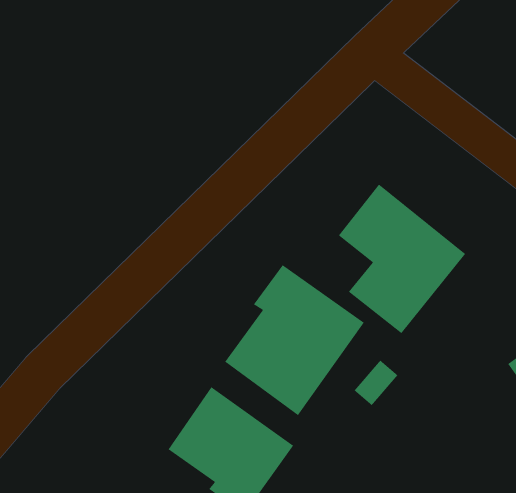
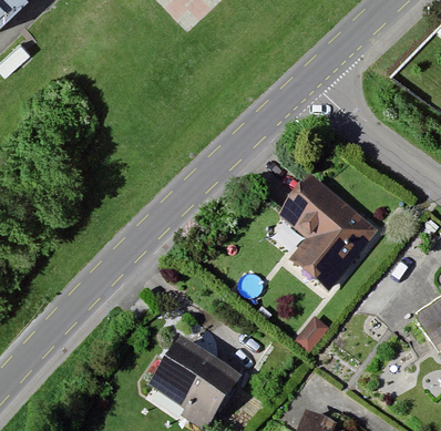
building: [224,264,365,416] -> none

